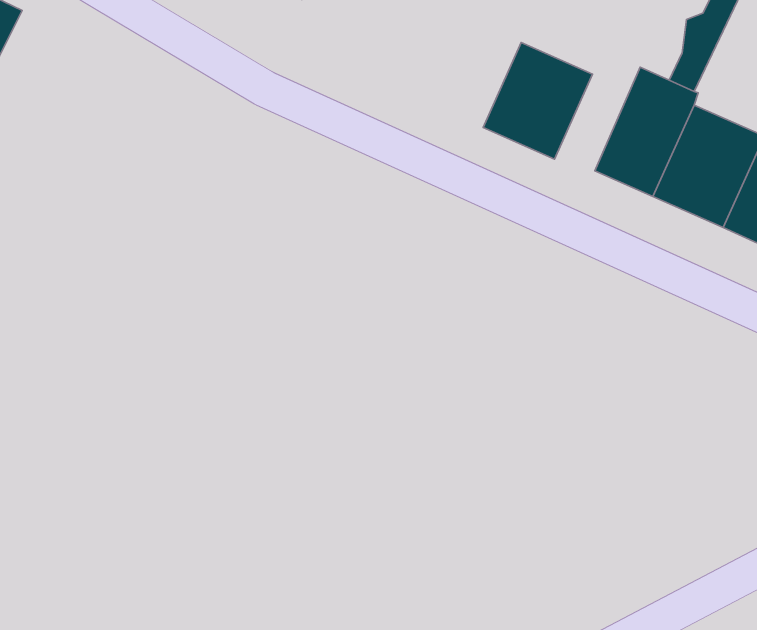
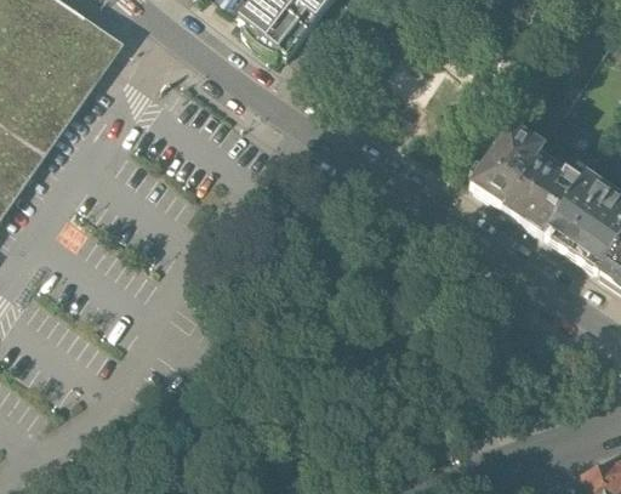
building: [483,43,592,159] -> none

